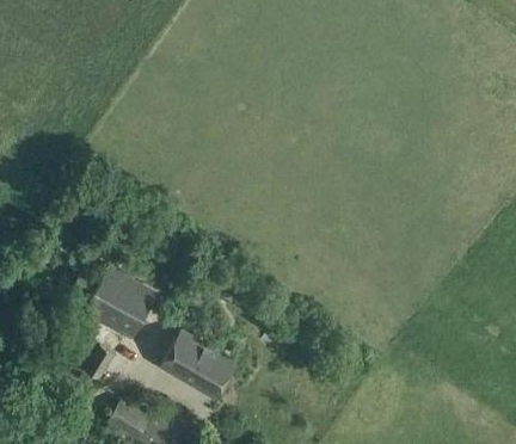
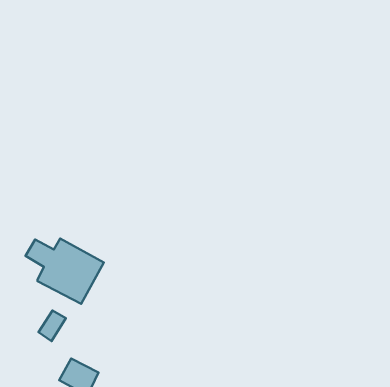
building: [162,331,236,397] -> none

